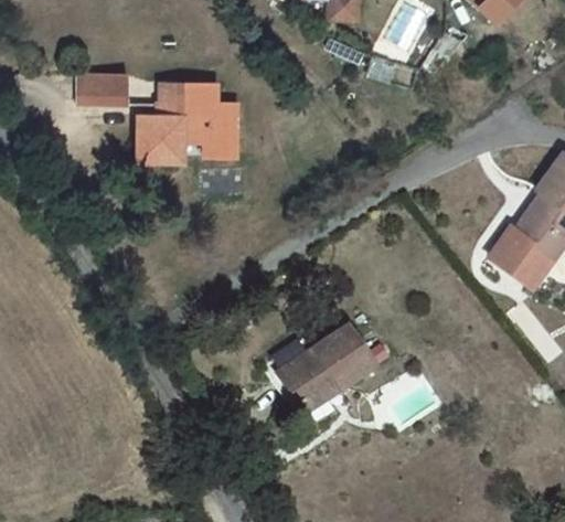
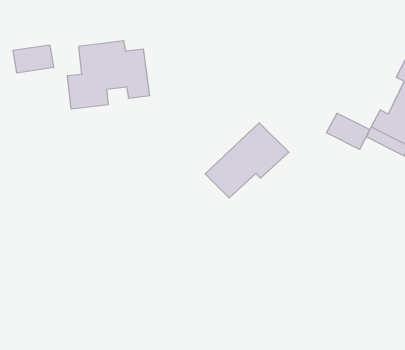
building: none -> [327,113,370,149]
building: [276,320,382,405] -> [205,123,289,198]

